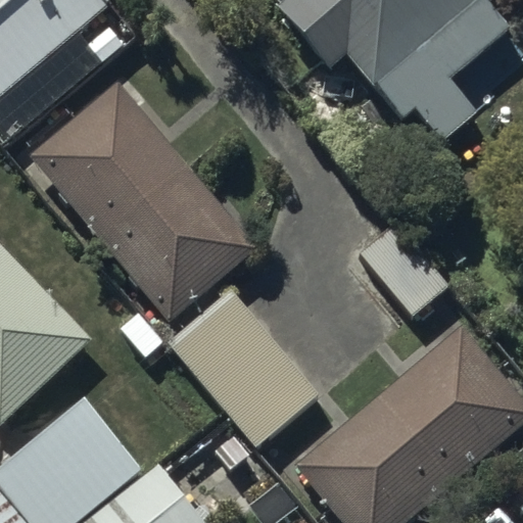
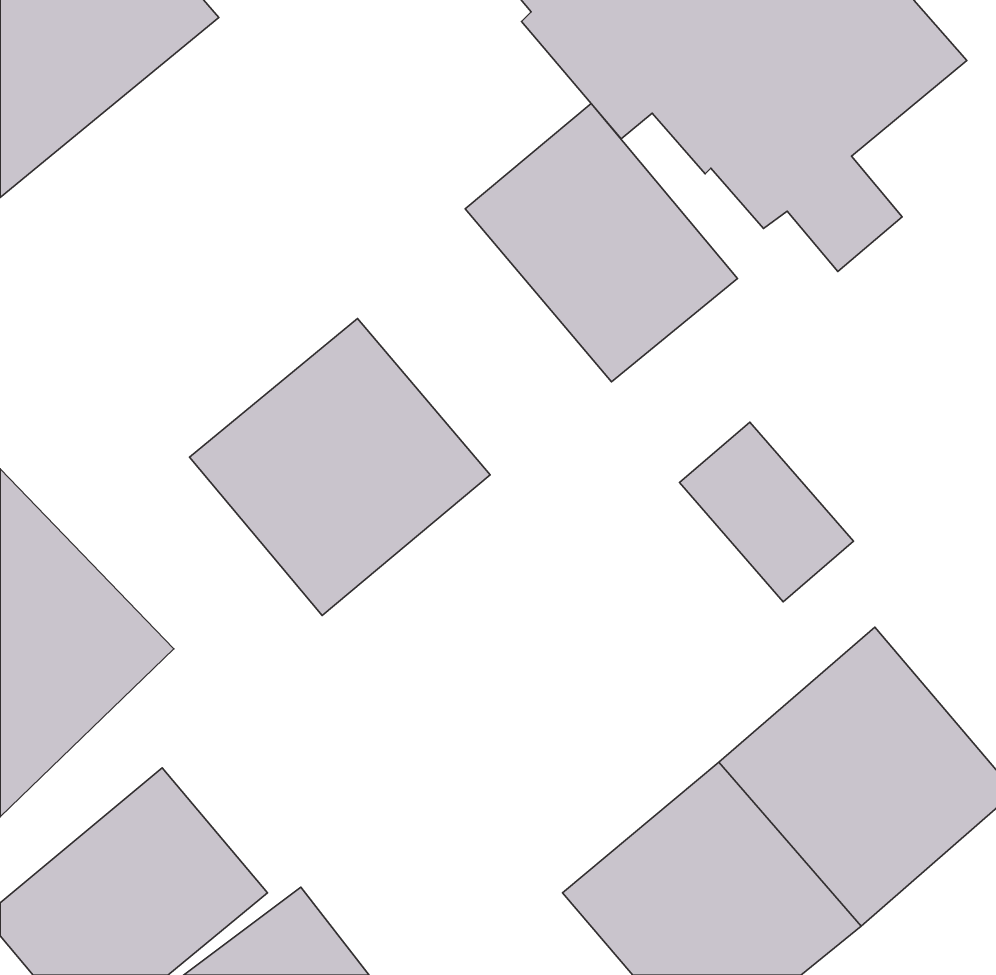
building: none -> [465,104,737,382]
building: [30,83,188,239] -> none
building: [169,290,319,446] -> none

